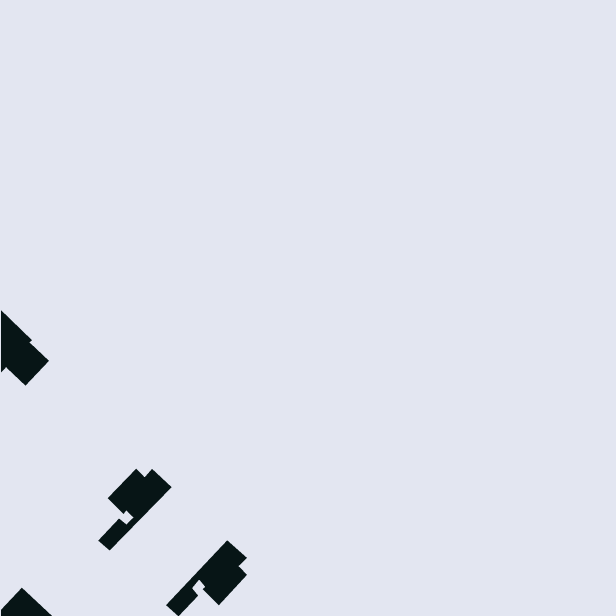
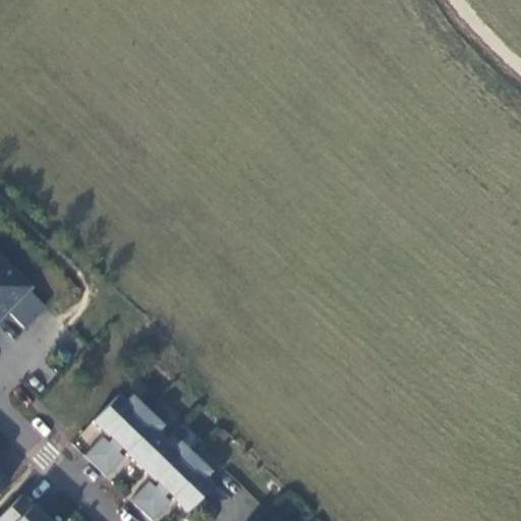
building: none -> [96,412,194,511]

